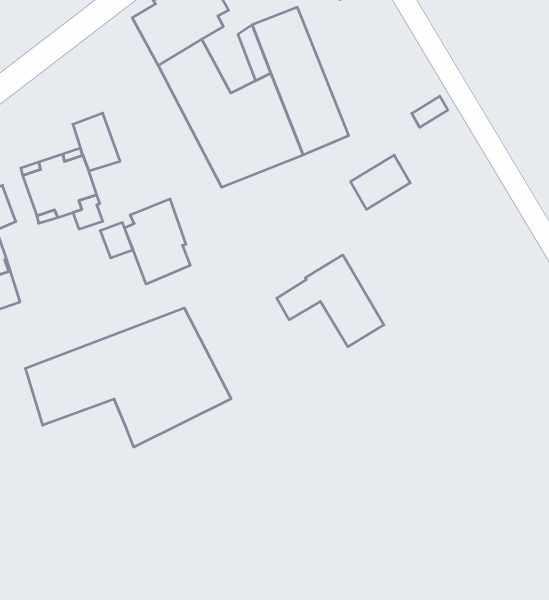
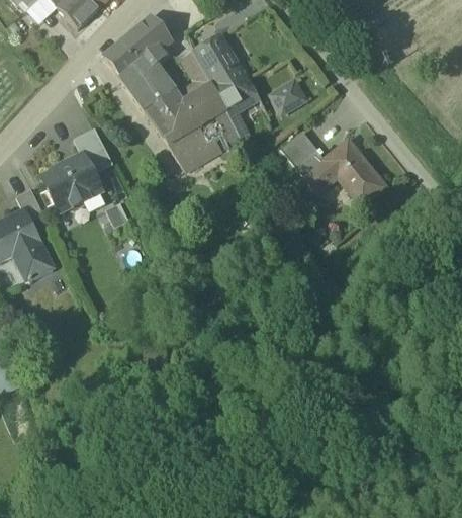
building: none -> [271,79,305,111]
building: [125,199,190,284] -> none
building: [277,255,384,347] -> [306,141,385,205]
building: [25,308,231,447] -> none

